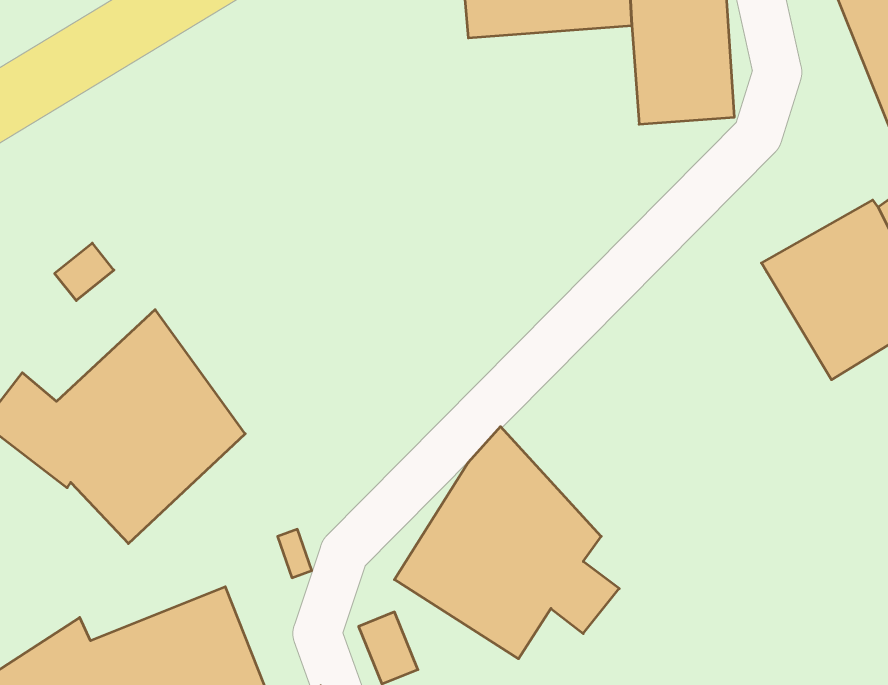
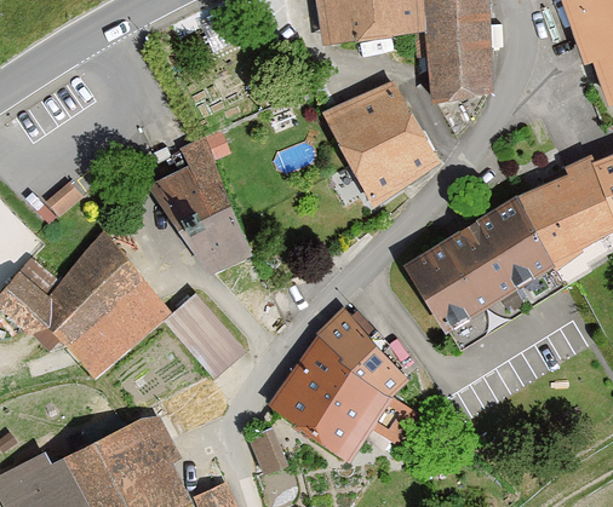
building: none -> [317,77,443,207]
building: none -> [145,137,258,276]
building: none -> [407,200,563,338]
building: none -> [165,292,246,376]

